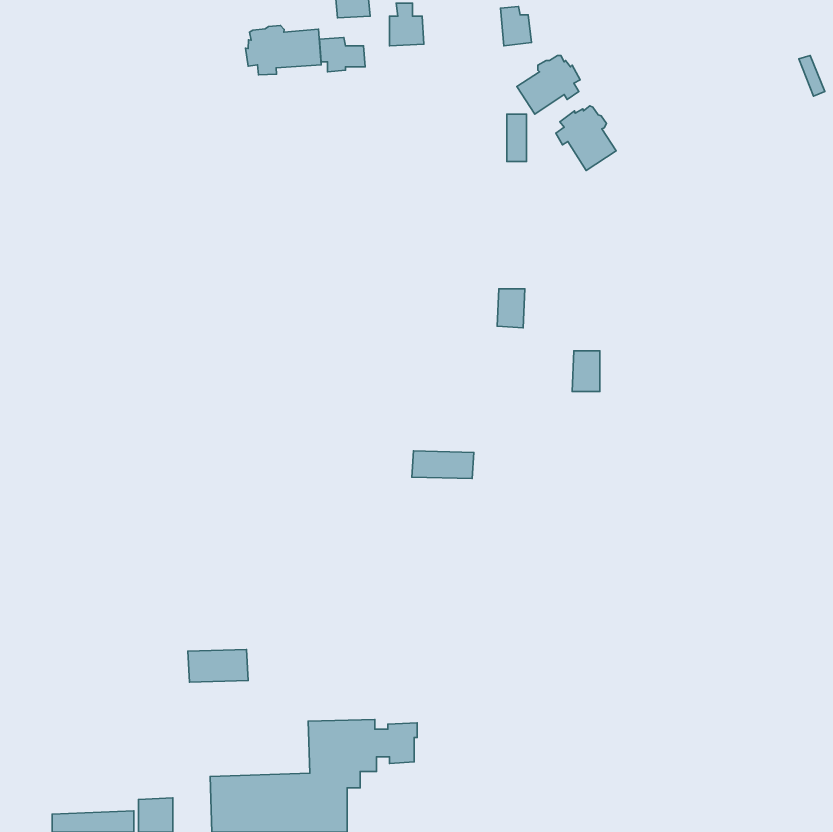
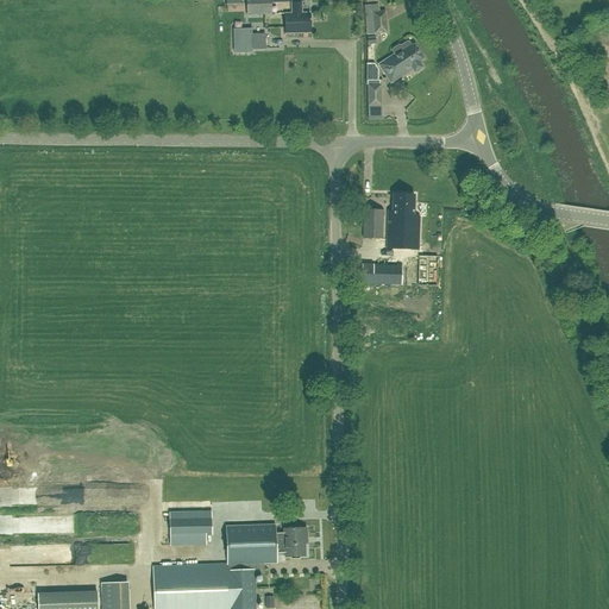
building: [245,25,321,75] -> none
building: [556,106,616,170] -> none
building: none -> [387,194,417,250]
building: [412,451,474,479] -> [357,264,402,284]
building: [188,650,248,682] -> [168,511,212,535]

